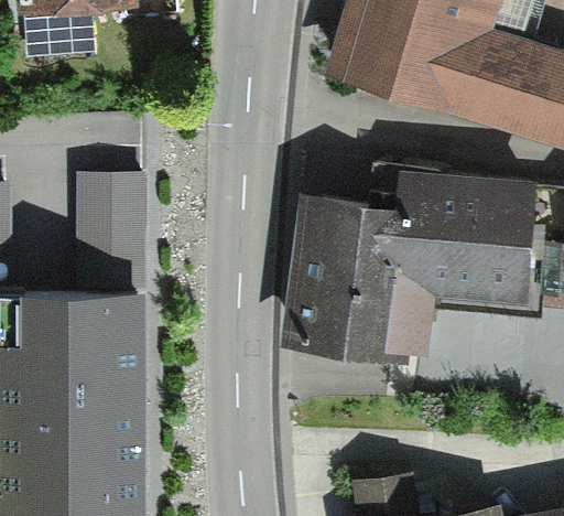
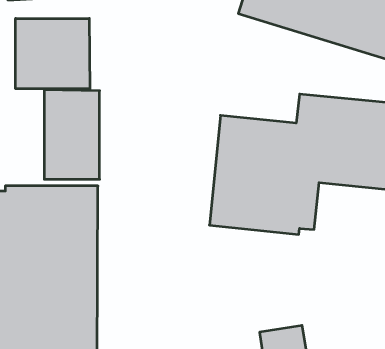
building: none -> [16,18,90,89]

